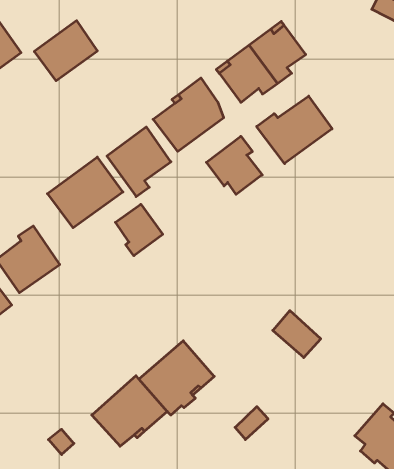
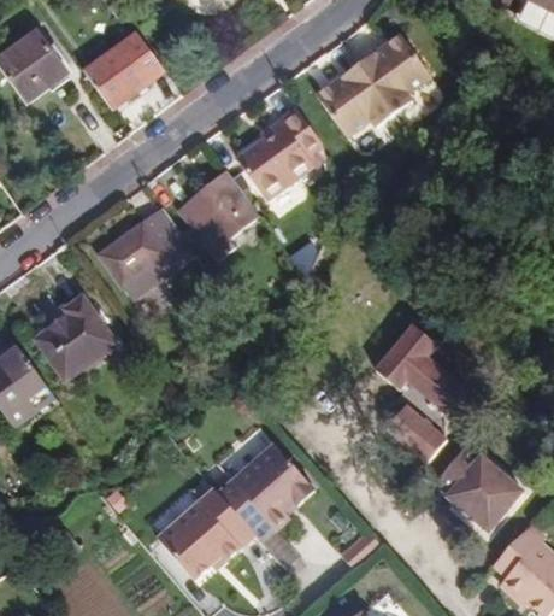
building: [257,96,332,164] -> none
building: [206,136,262,194] -> none
building: [115,204,163,256] -> none
building: none -> [378,323,471,415]
building: none -> [434,446,523,534]

